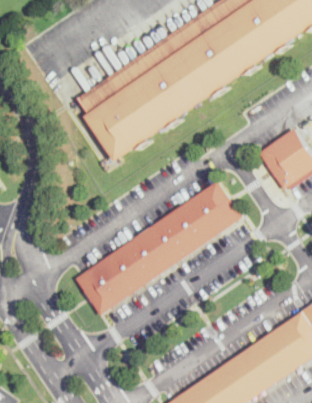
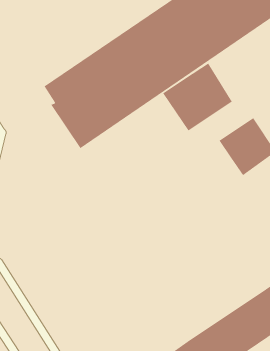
building: none -> [162,63,233,132]
building: [75,183,240,315] -> none

